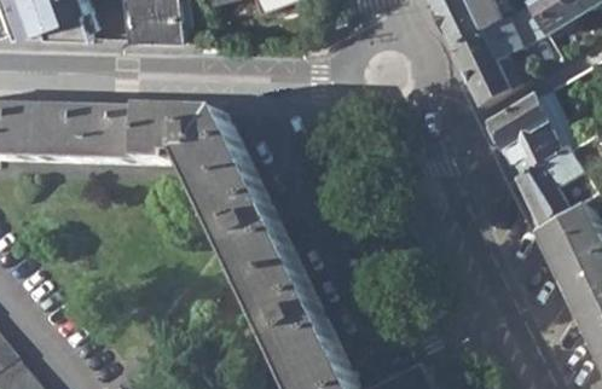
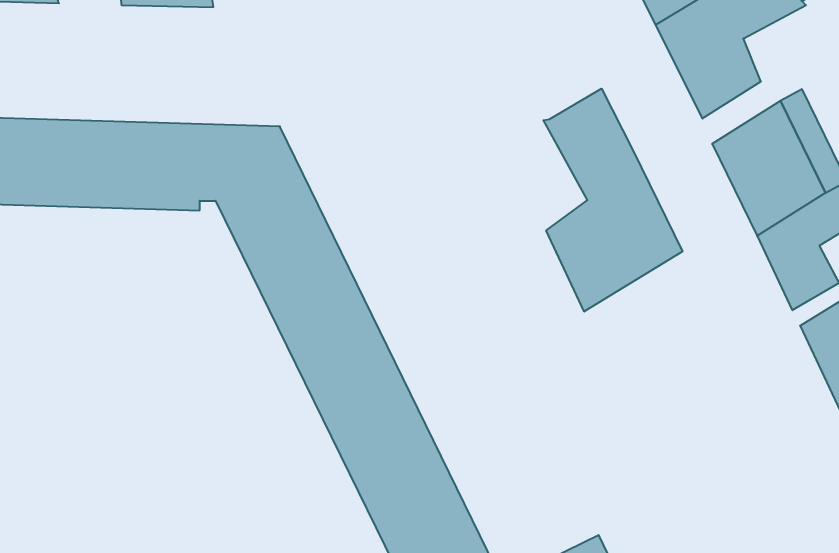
building: none -> [543,89,682,312]

